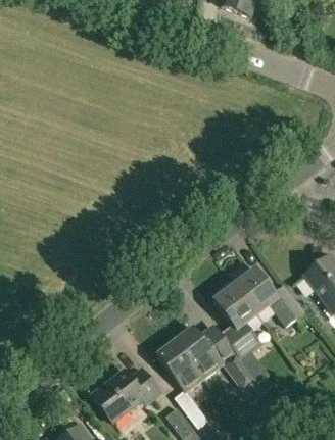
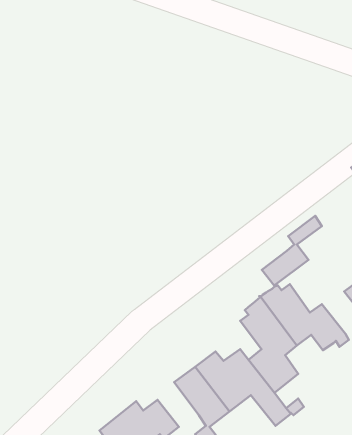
building: none -> [262,216,322,286]

